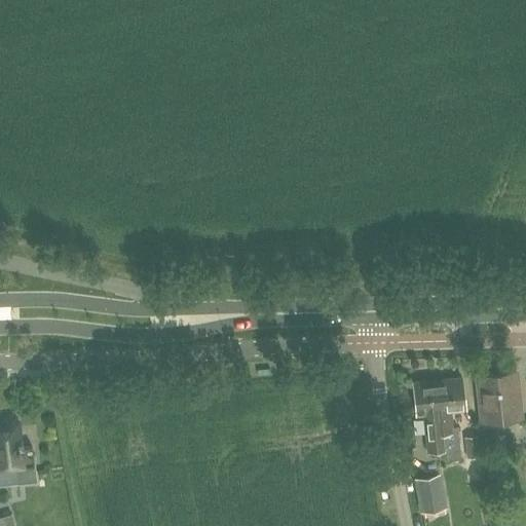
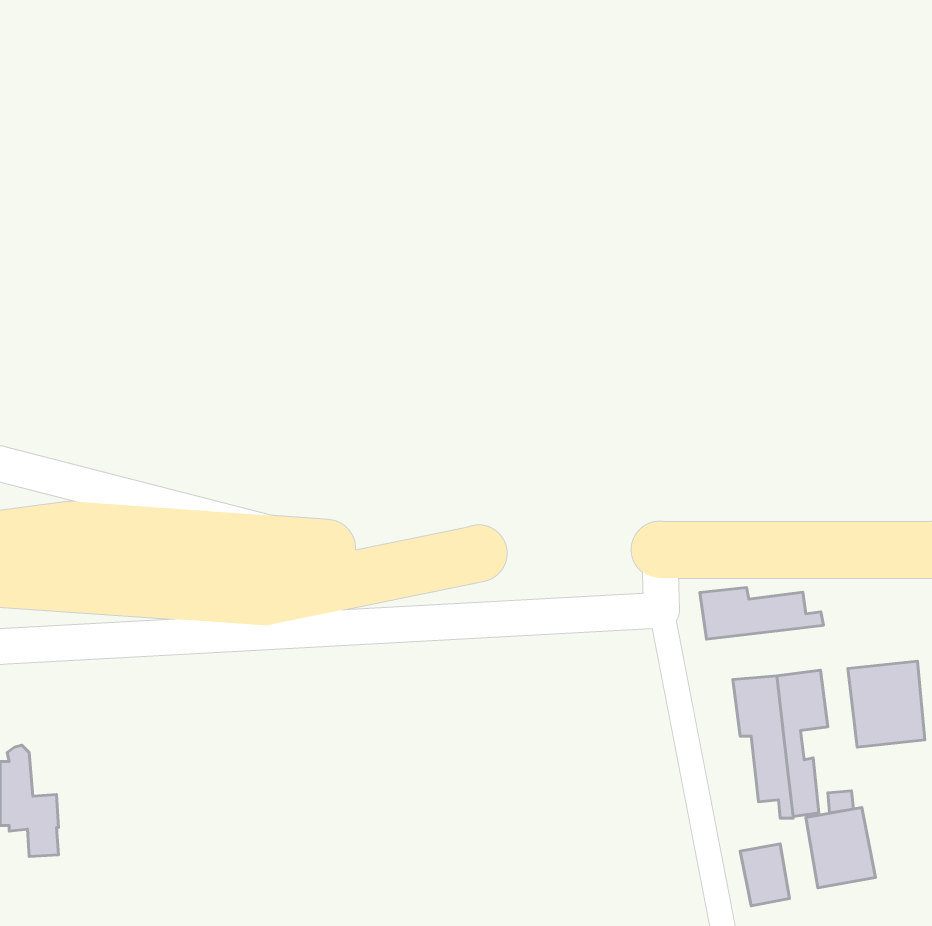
building: none -> [700,588,823,639]
building: none -> [806,808,875,888]

